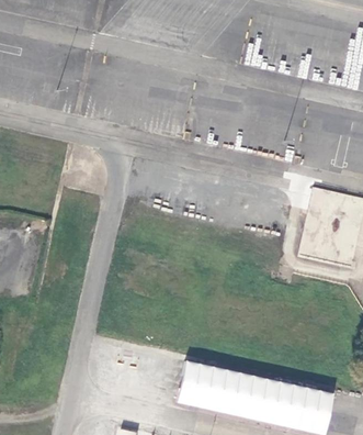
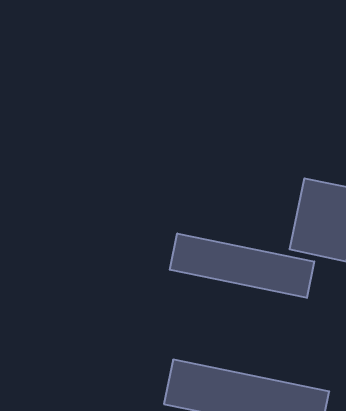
building: none -> [170,233,314,298]

